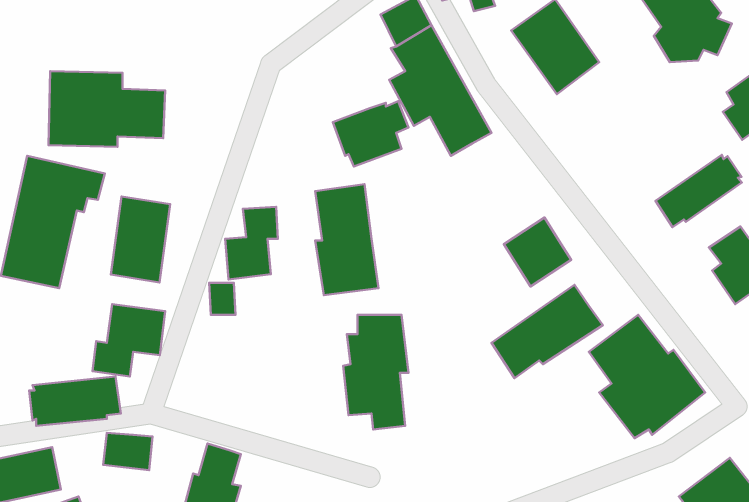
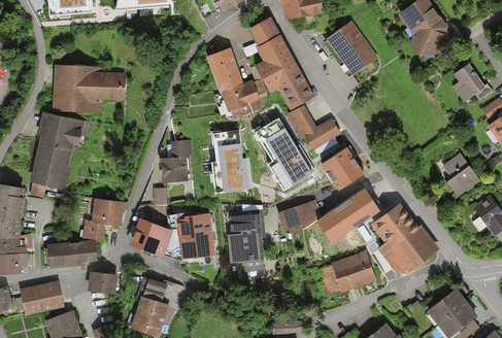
building: none -> [206,48,243,93]
building: none -> [287,104,341,151]
building: [656,155,742,227] -> none
building: none -> [256,117,313,191]
building: [111,196,170,282] -> none
building: none -> [276,199,322,236]
building: none -> [176,213,214,260]
building: none -> [129,218,173,259]
building: none -> [316,249,375,295]

